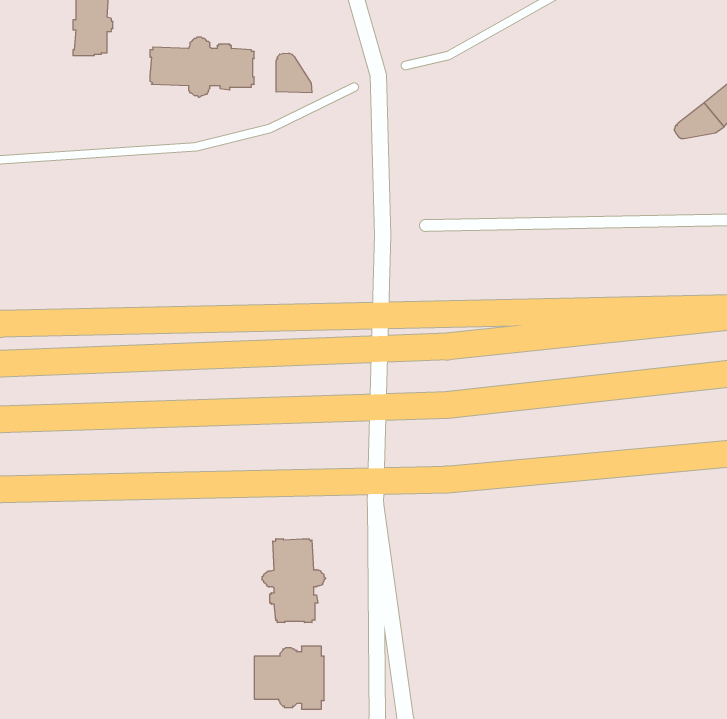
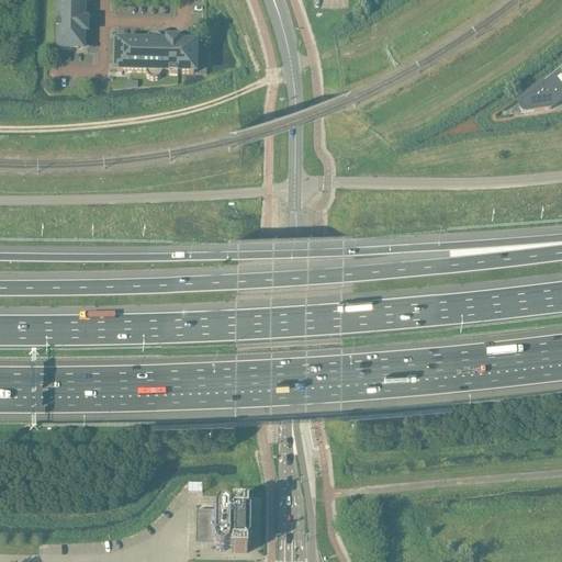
building: [276,53,312,93] -> none
building: [262,539,325,623] -> none

